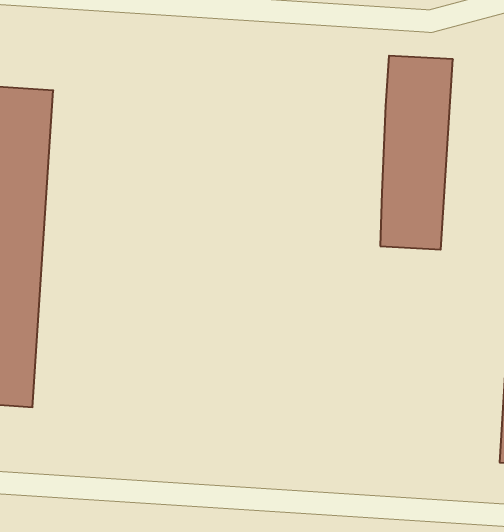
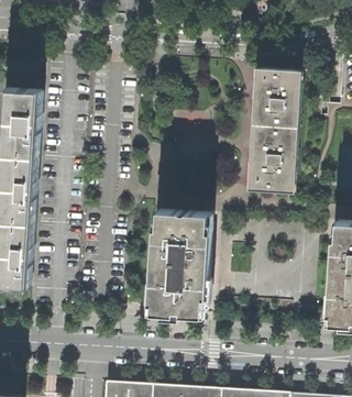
building: none -> [151,209,211,317]

